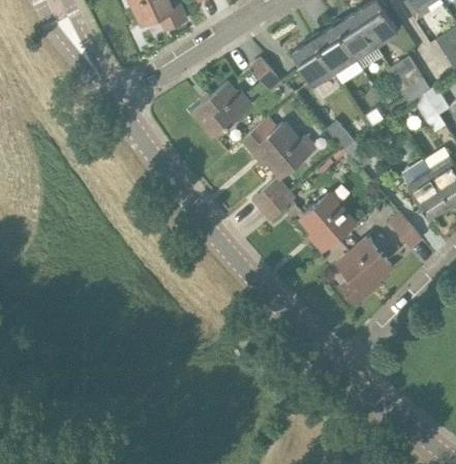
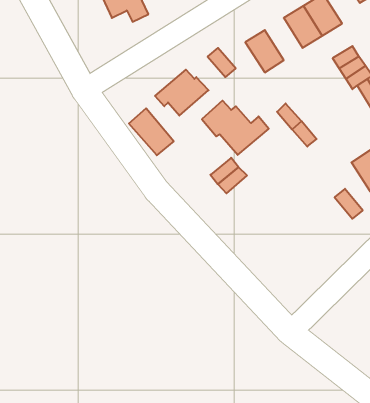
building: [313,26,355,72] -> none
building: none -> [129,108,174,155]
building: [301,194,355,248] -> none
building: [338,238,392,304] -> none

